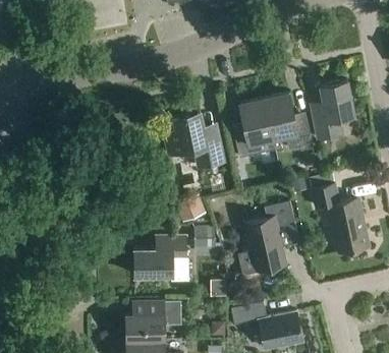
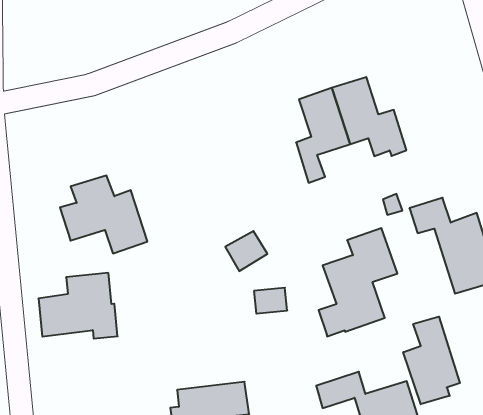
building: [311,80,353,139] -> none
building: [164,112,224,168] -> [60,176,147,253]
building: [134,235,188,281] -> [38,273,118,339]
building: none -> [403,317,460,404]

